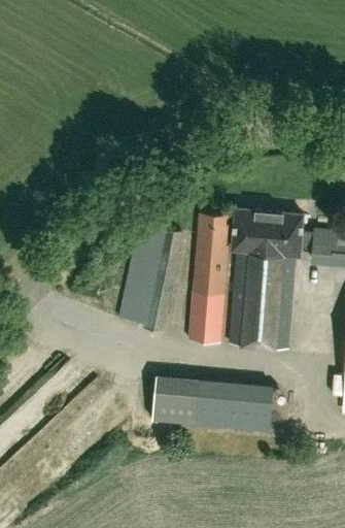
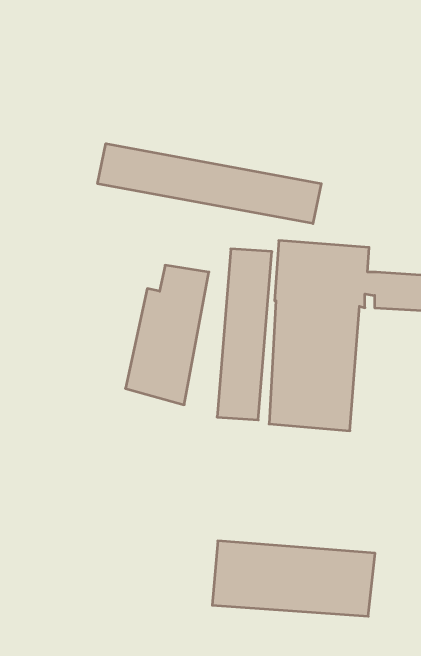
building: none -> [98,144,321,224]
building: [151,374,274,431] -> [212,541,375,616]

